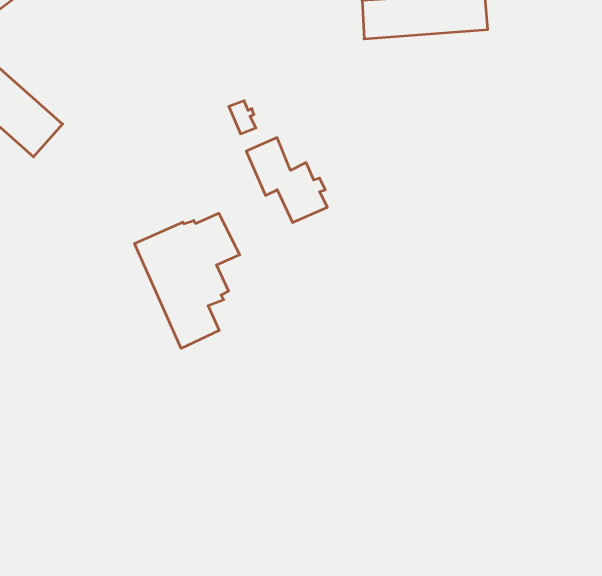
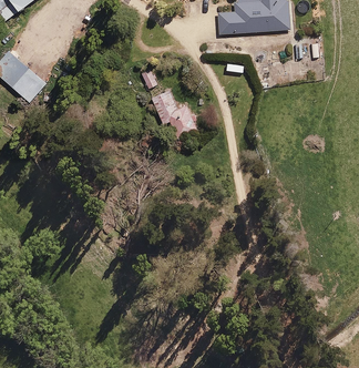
building: [135,213,240,348] -> none

